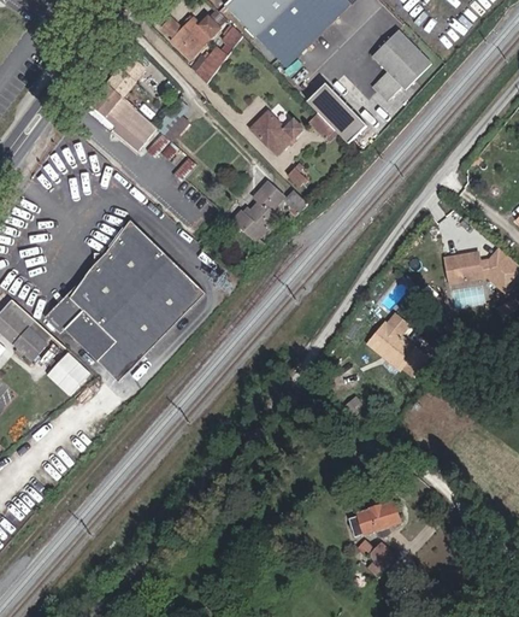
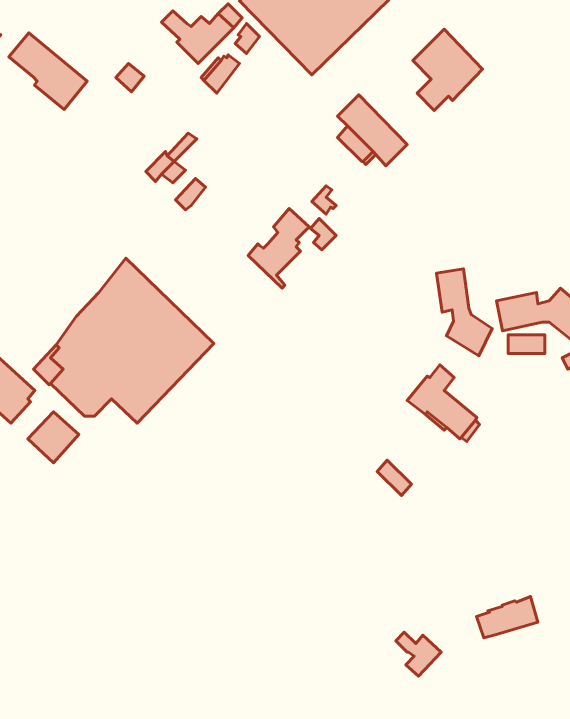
building: [90,83,157,148] -> [9,33,87,109]
building: [248,108,302,153] -> none
building: none -> [437,269,492,356]
building: [93,341,137,381] -> none
building: [347,500,399,535] -> [477,597,538,638]

